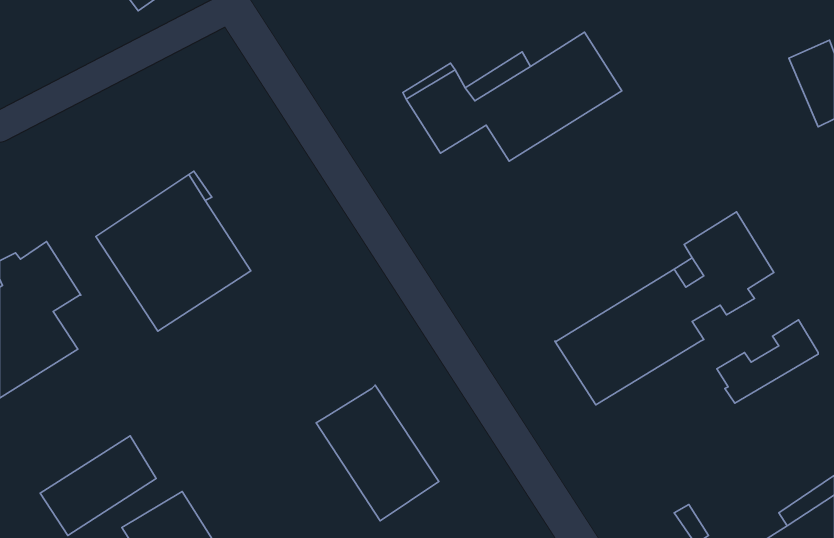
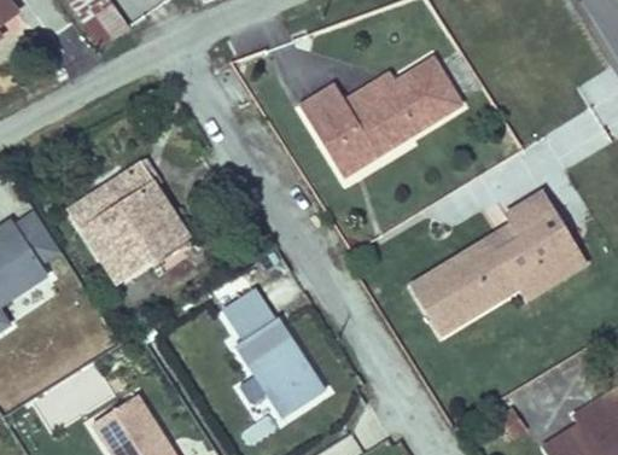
building: none -> [326,127,377,174]
building: [717,320,818,403] -> [512,235,587,297]
building: none -> [221,288,275,343]

